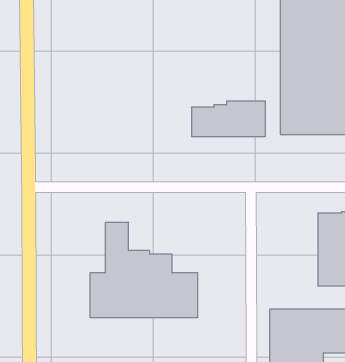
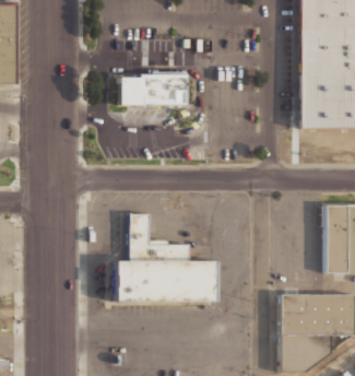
building: [191,101,265,137] -> [114,75,182,108]

